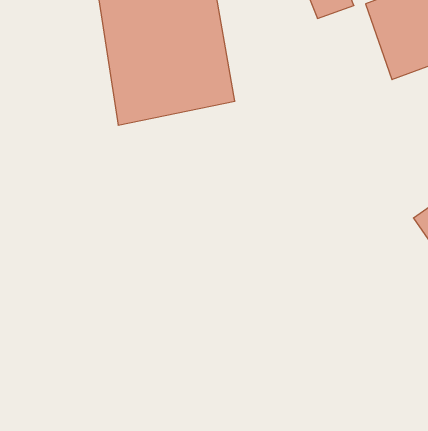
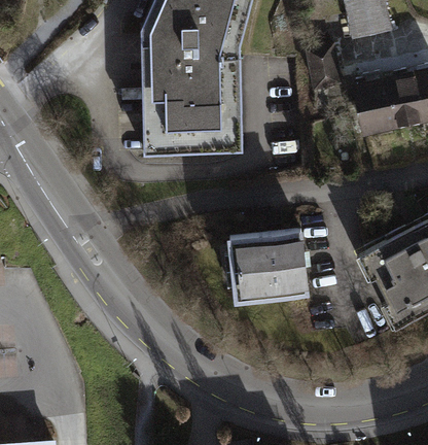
building: none -> [228,231,308,306]

